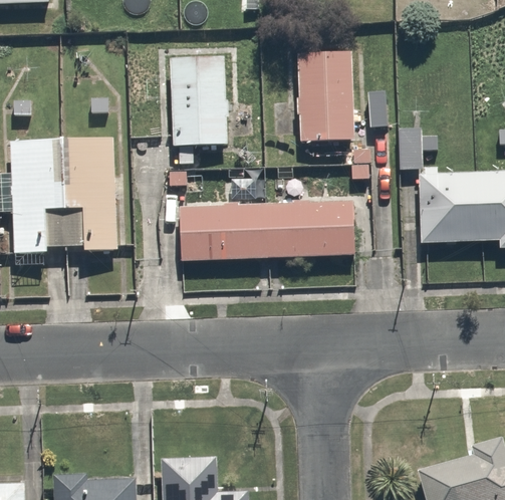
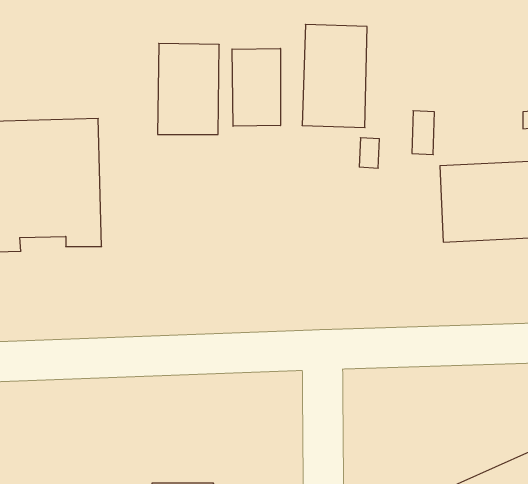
building: none -> [232,48,280,126]
building: [177,204,351,262] -> none

